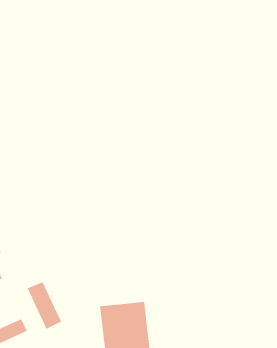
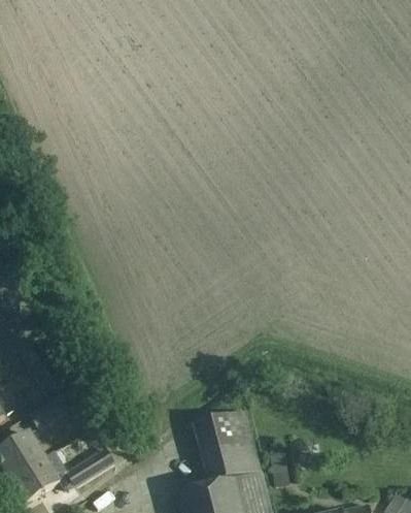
building: [27,281,62,330] -> none

